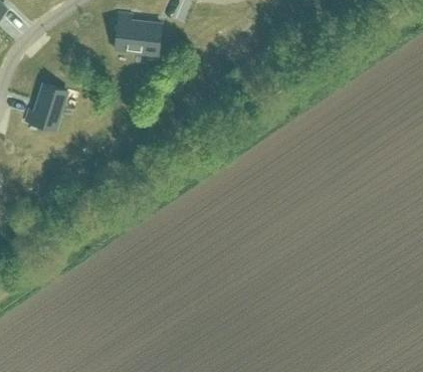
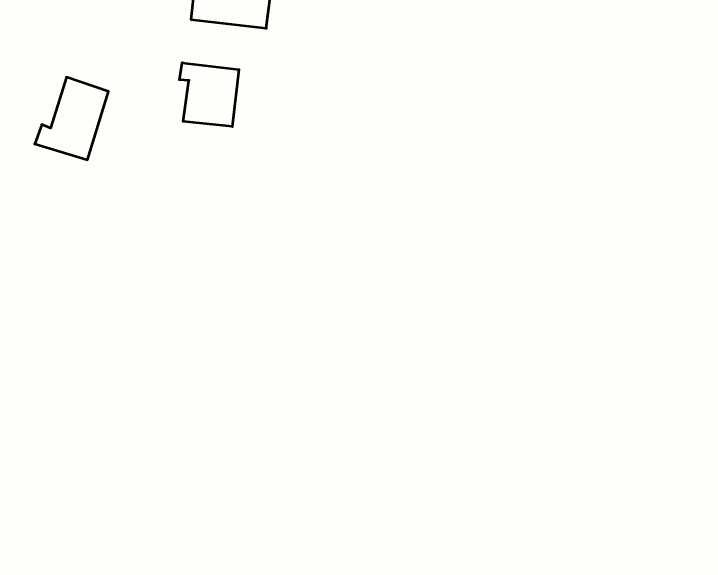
building: none -> [179,63,239,127]

